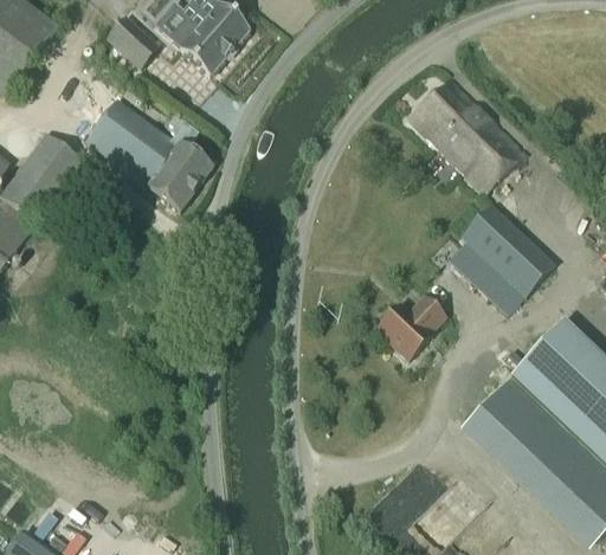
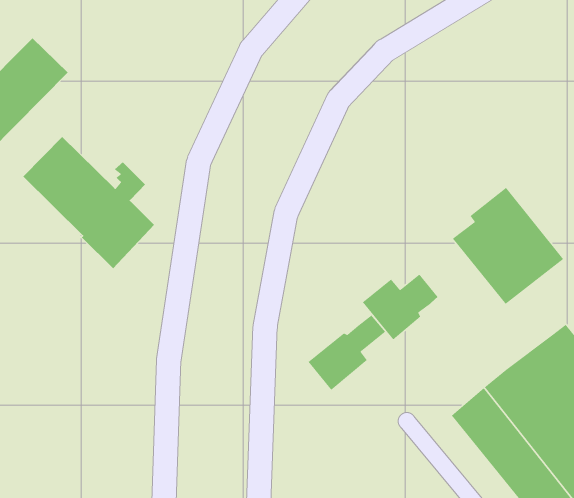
building: [410,76,523,192] -> none
building: [85,97,211,211] -> [22,136,155,269]
building: none -> [307,314,386,391]

